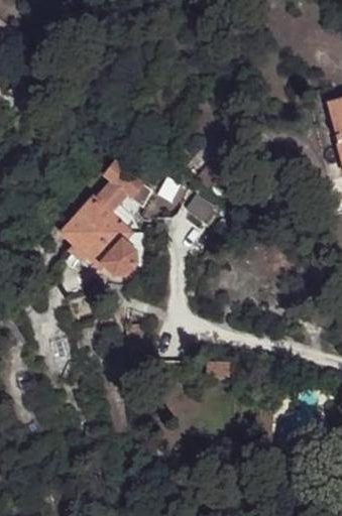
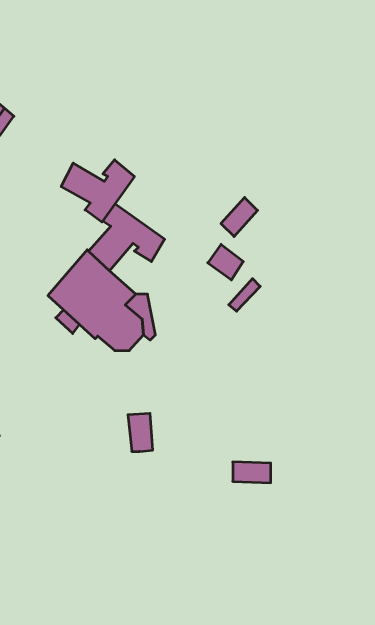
building: none -> [61,160,134,222]

